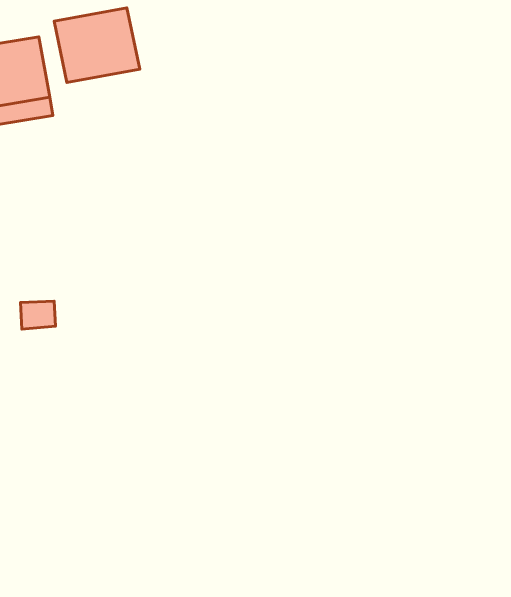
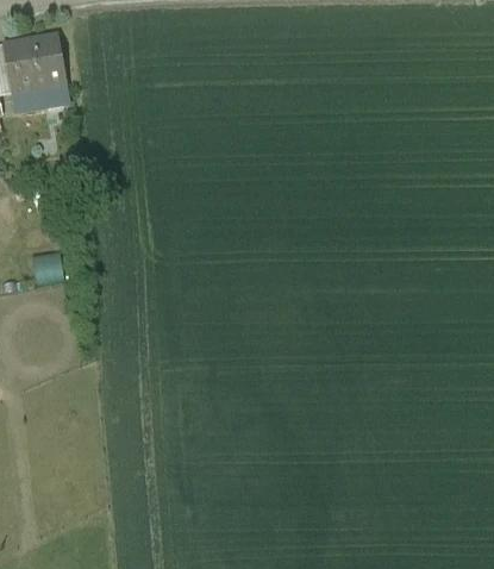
building: [54,8,140,83] -> none

